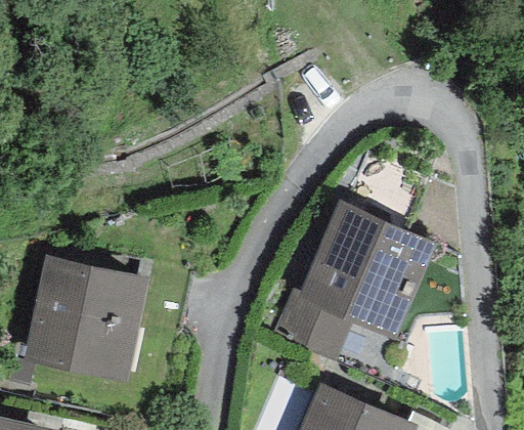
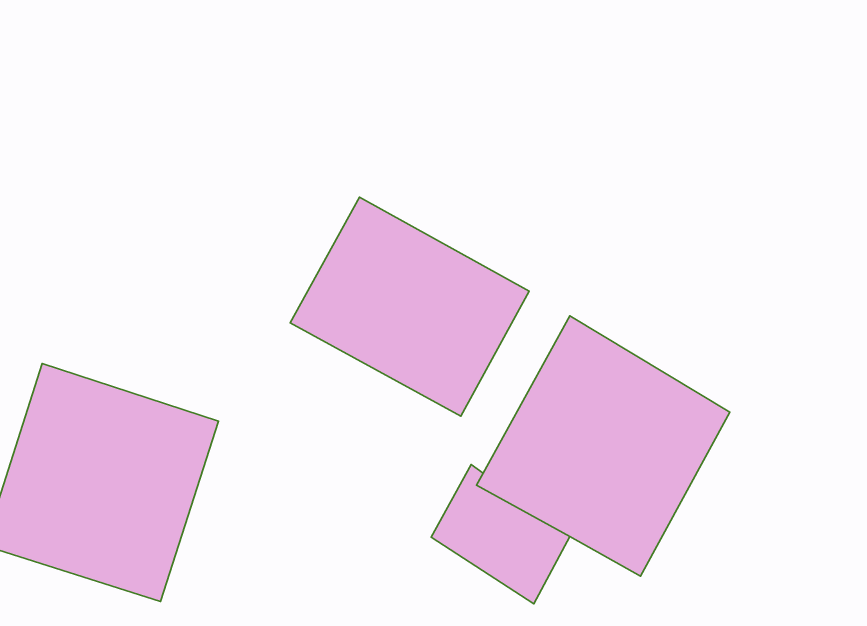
building: none -> [290,197,529,416]

